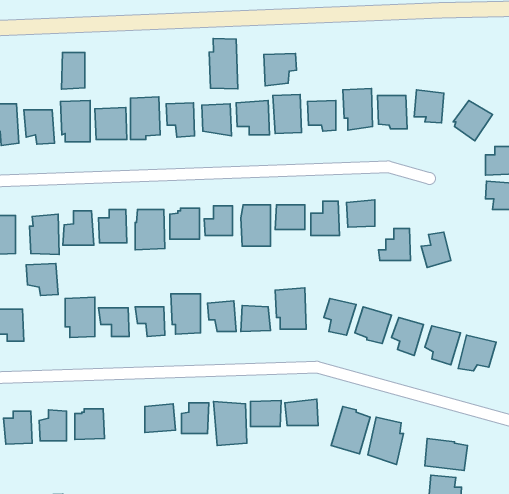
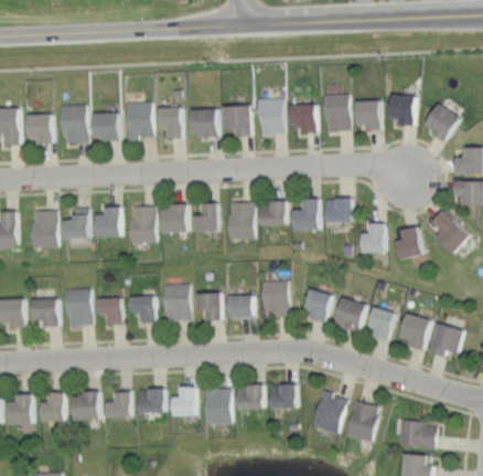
building: [209,38,238,89] -> none
building: [61,52,85,89] -> none
building: [264,53,296,86] -> none
building: none -> [430,210,469,256]
building: [26,264,58,296] -> [30,298,60,328]
building: none -> [104,392,131,417]

